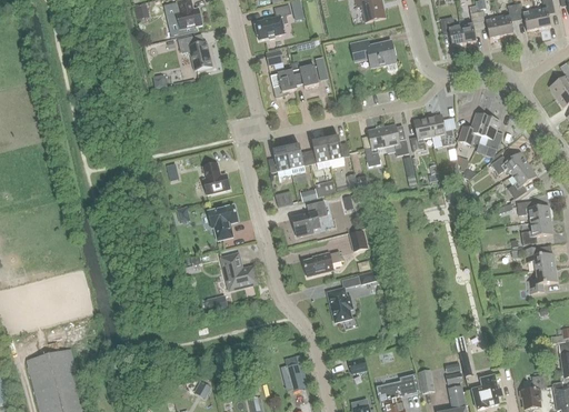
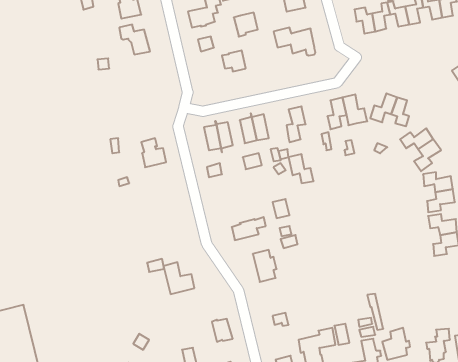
building: [270,70,297,97] -> [234,13,258,37]
building: [381,123,409,155] -> [289,154,314,183]
building: [292,200,328,237] -> none
building: [208,203,238,240] -> none
building: [222,253,257,289] -> [164,262,194,294]

